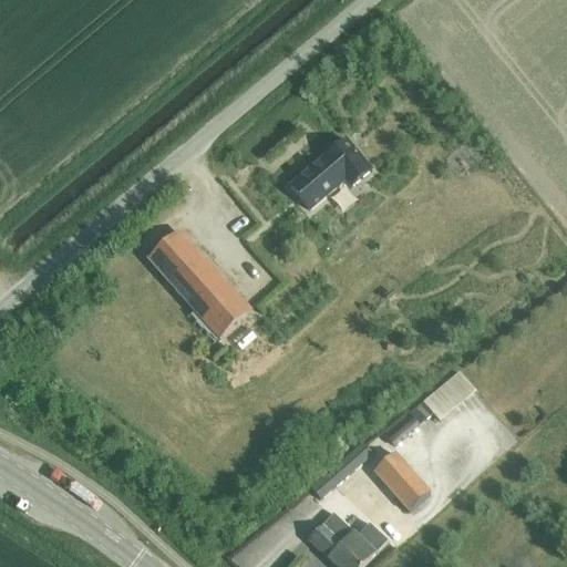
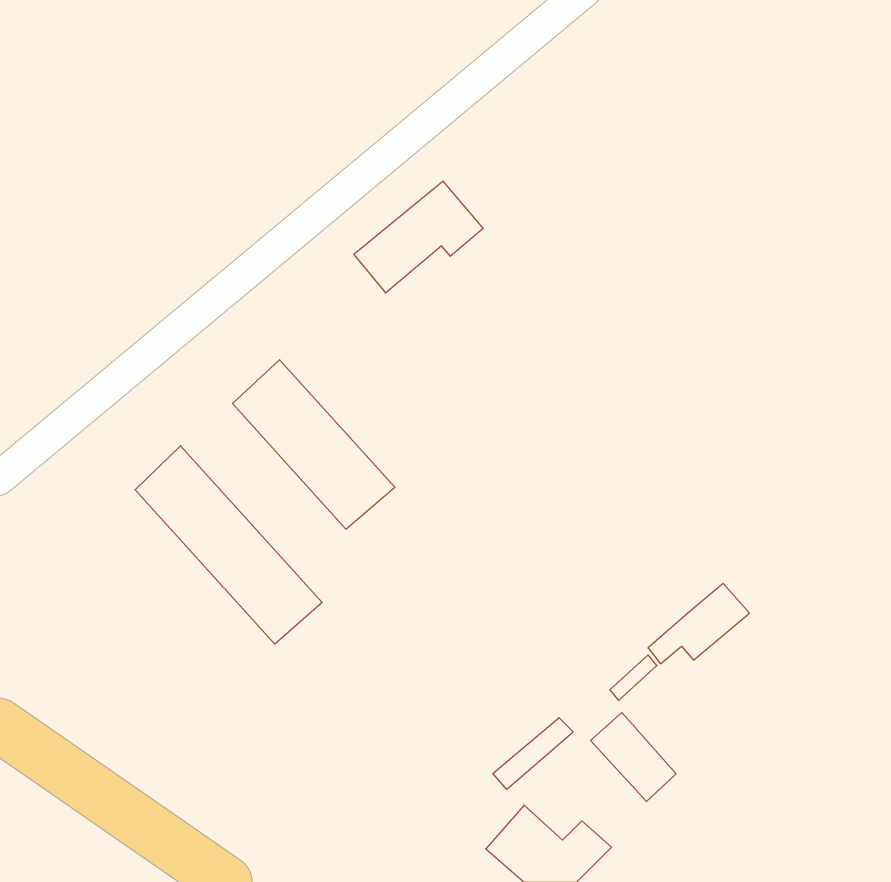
building: [289,136,371,207] -> [354,181,483,293]
building: none -> [135,446,322,644]

